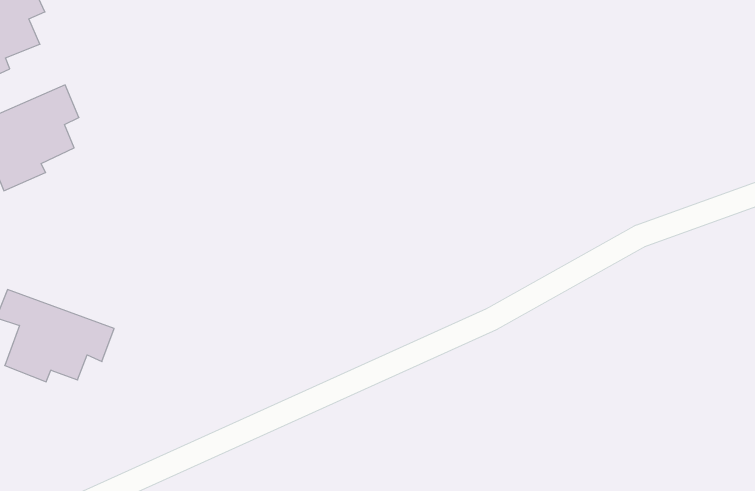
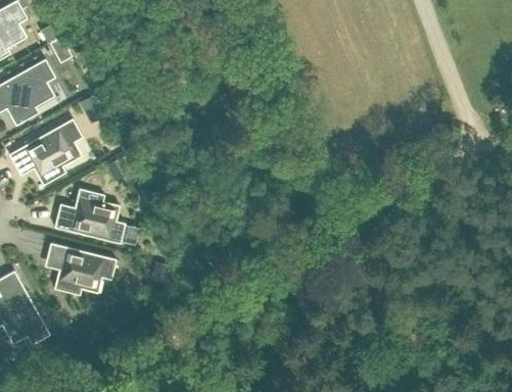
building: none -> [53,188,125,243]

